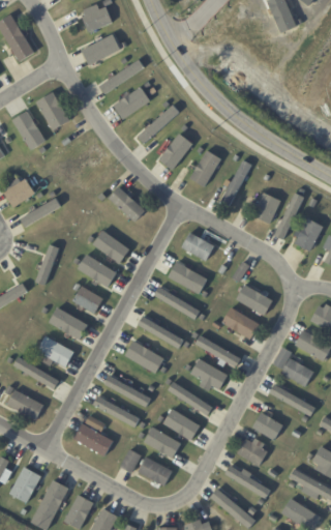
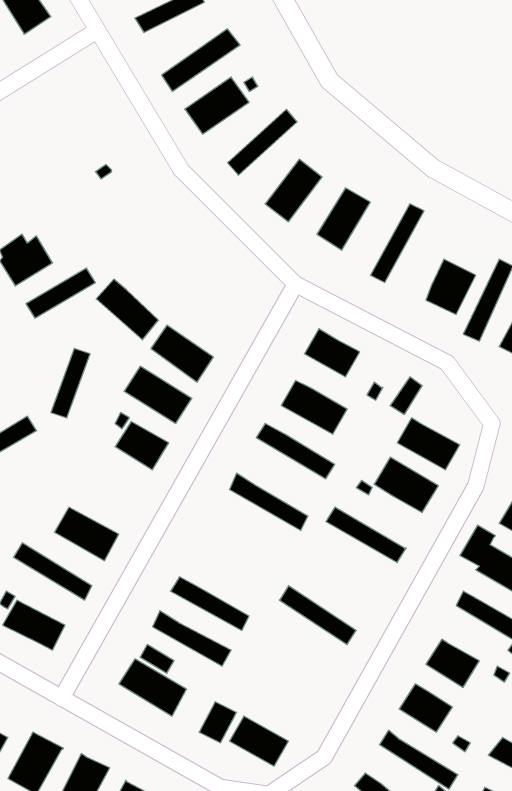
building: [36,92,69,130] -> none
building: [12,110,46,149] -> none
building: [109,186,145,222] -> [96,279,159,340]
building: [49,306,88,340] -> none
building: [125,341,164,373] -> none
building: [191,358,229,390] -> none
building: [163,408,201,440] -> none
building: [144,426,181,459] -> none

